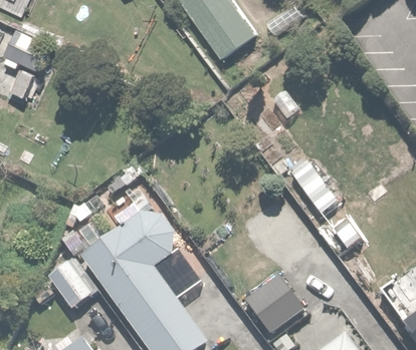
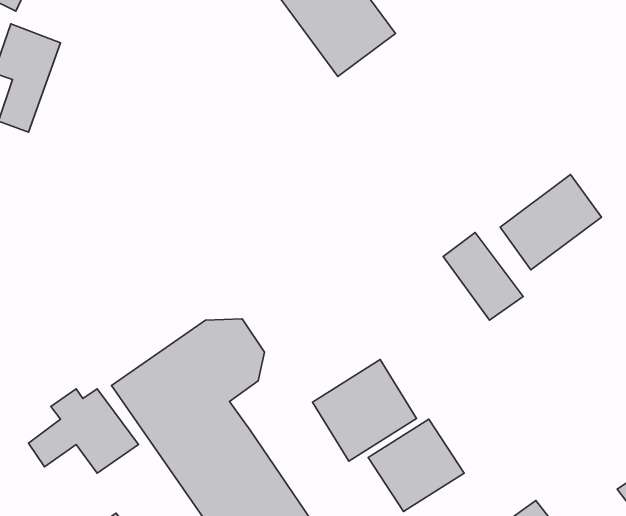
building: none -> [500,174,601,270]
building: none -> [312,359,416,461]

